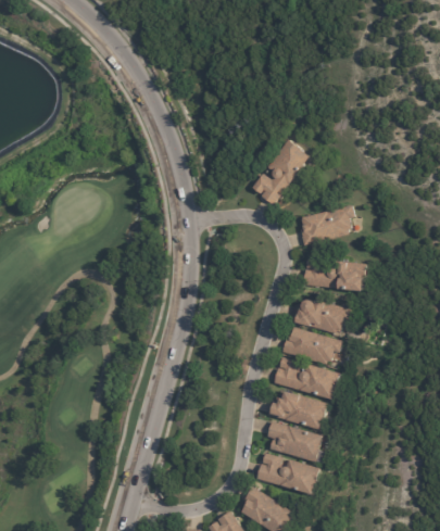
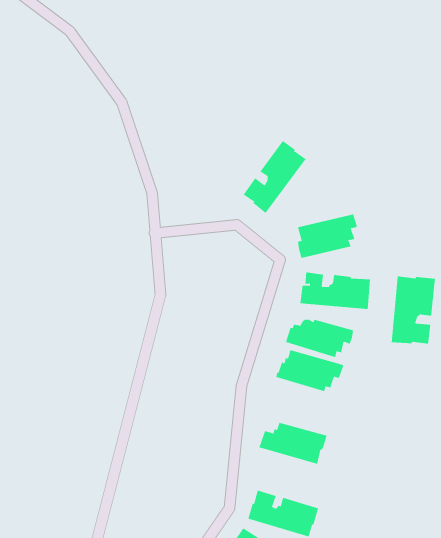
building: none -> [391,276,436,345]
building: [273,357,340,400] -> none
building: [266,421,323,463] -> none

